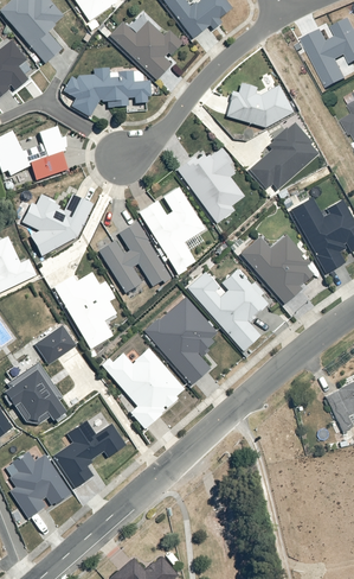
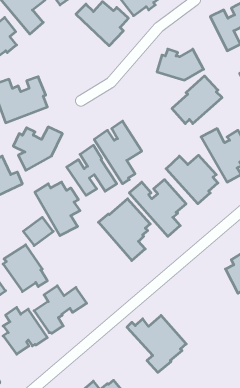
building: [64,65,152,114] -> none
building: [173,147,243,224] -> none
building: [98,349,182,430] -> [127,315,186,372]

